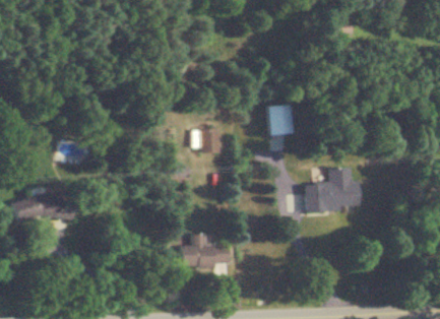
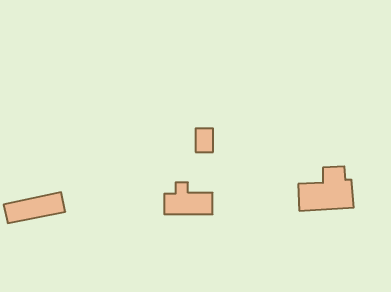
building: [269,105,294,150] -> none
building: [183,234,231,265] -> [164,182,213,214]

